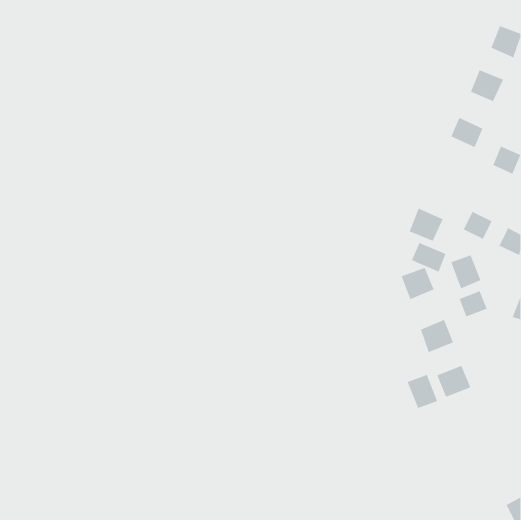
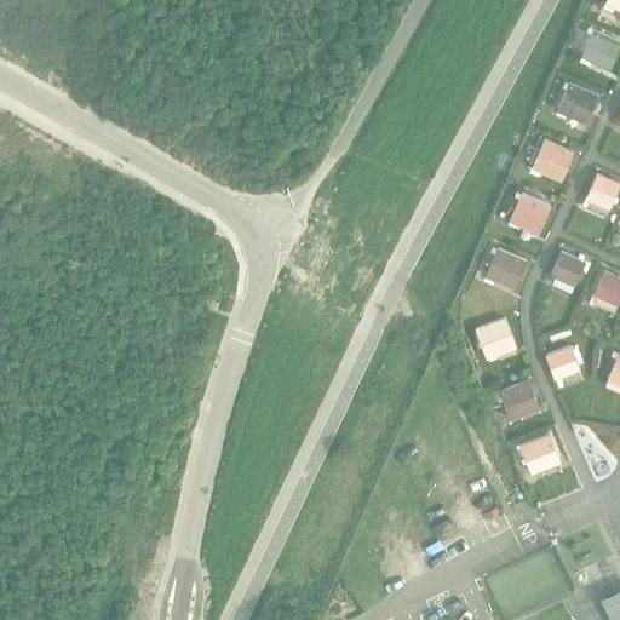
building: none -> [510,194,551,234]
building: [411,242,446,273] -> none
building: [451,254,481,289] -> none
building: [407,374,438,409] -> none

